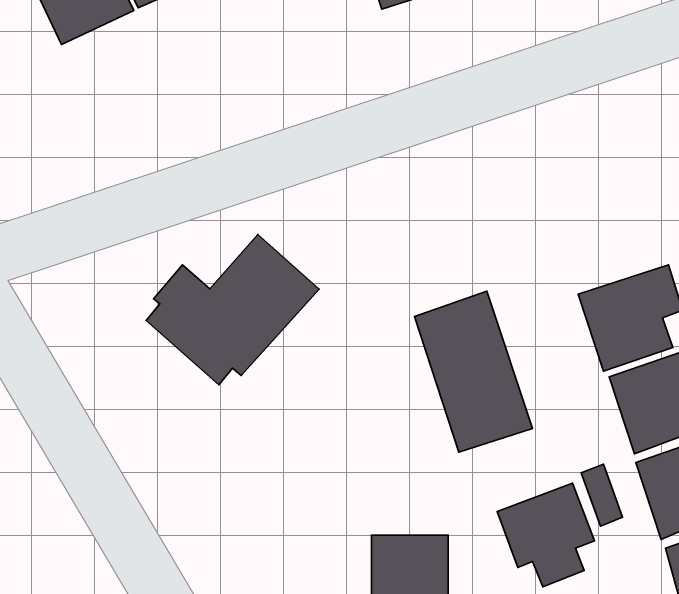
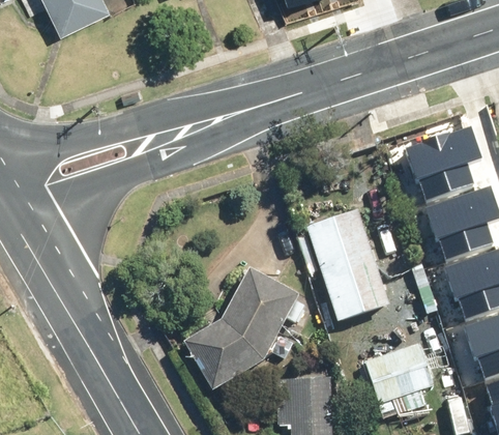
building: none -> [405,128,478,203]
building: [146,235,319,385] -> none
building: none -> [186,267,301,388]

